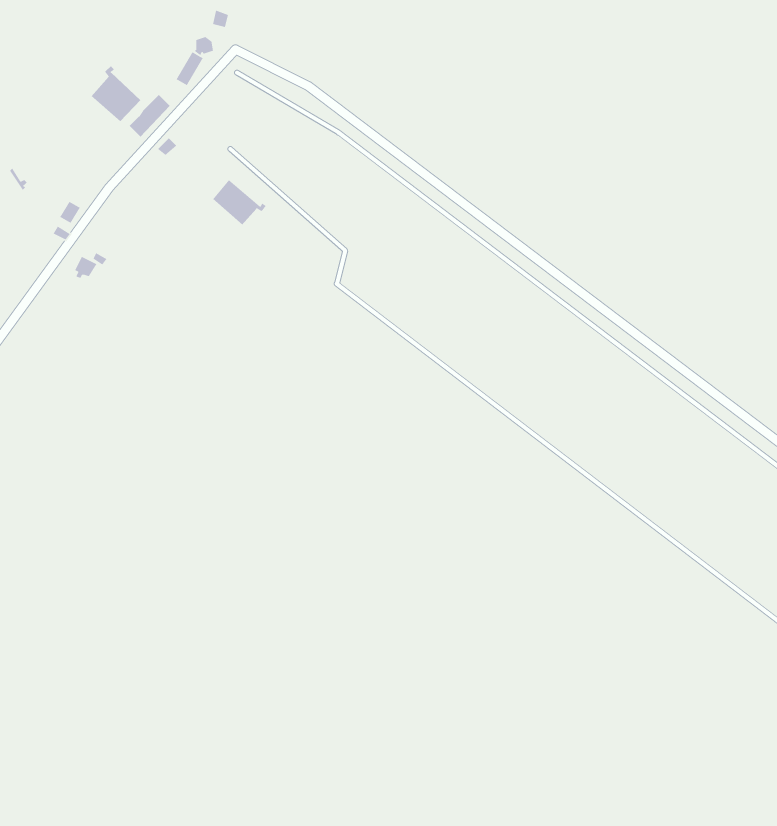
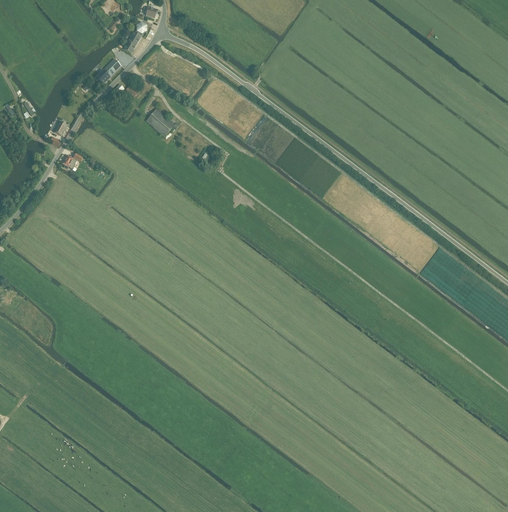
building: [91,65,141,122] -> none

